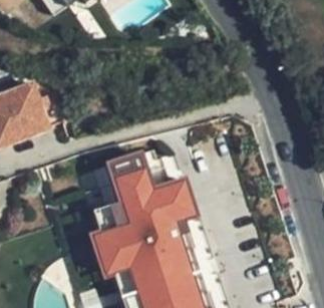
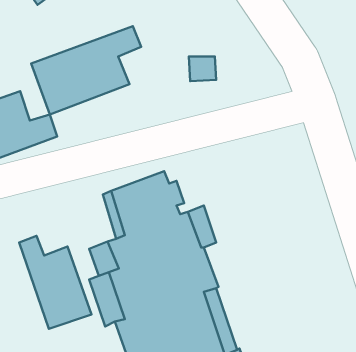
building: none -> [31,26,141,114]
building: none -> [19,236,91,329]

